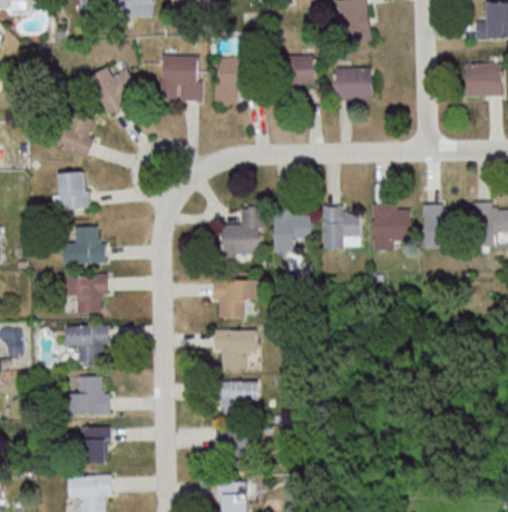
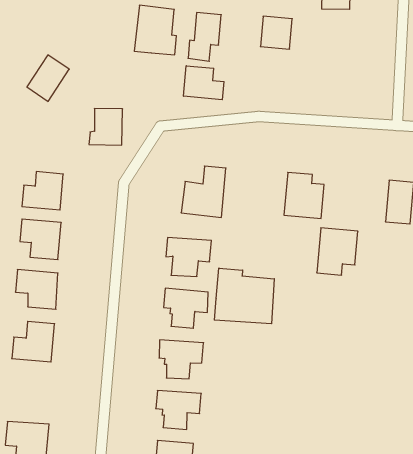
building: [88,67,140,111] -> none
building: [333,67,372,99] -> none
building: none -> [184,66,224,100]
building: [56,171,88,209] -> [89,109,123,145]
building: [373,205,410,249] -> [317,228,358,275]
building: [275,209,311,249] -> none
building: none -> [214,268,274,324]
building: [81,426,108,463] -> none

